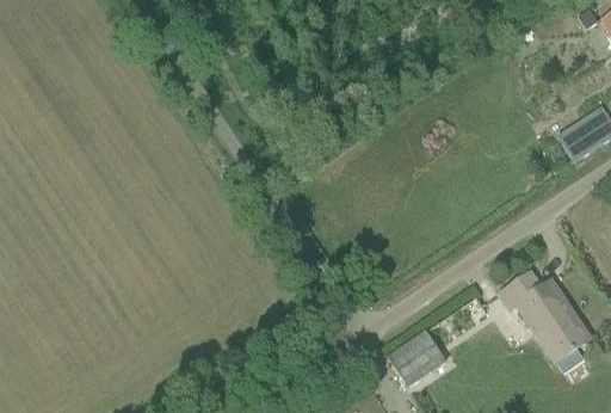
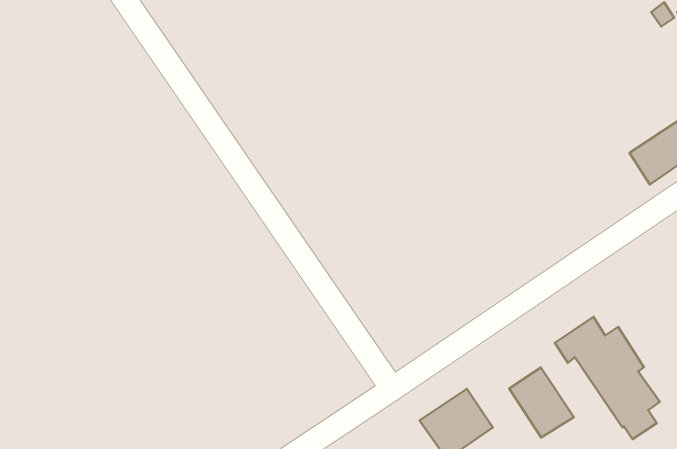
building: none -> [509,367,574,437]

